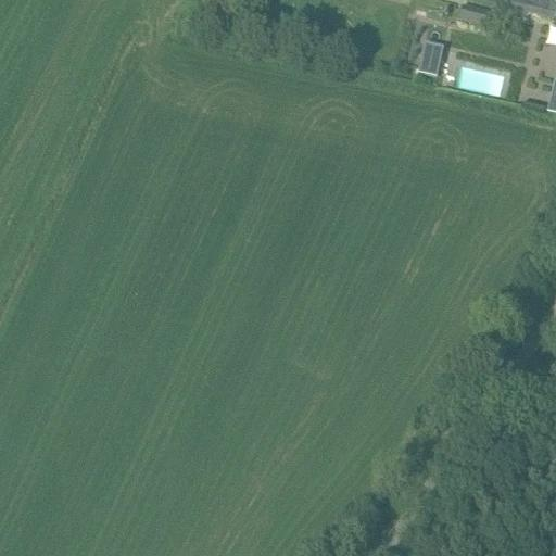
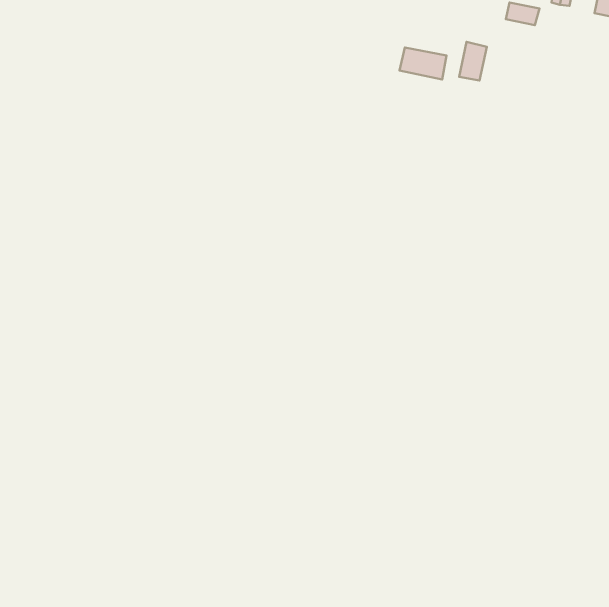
building: none -> [399,47,446,80]

